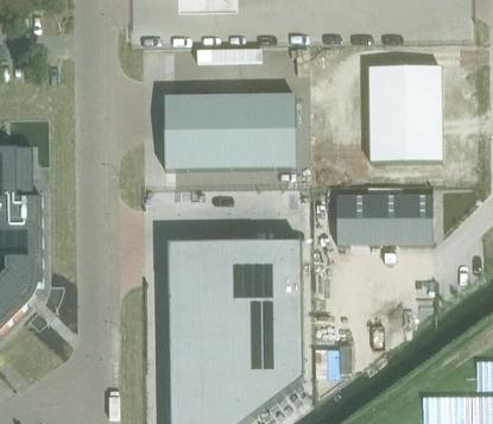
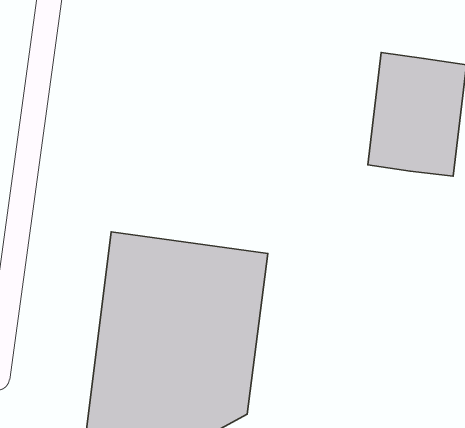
building: [164,95,296,167] -> none
building: [337,195,432,242] -> none

